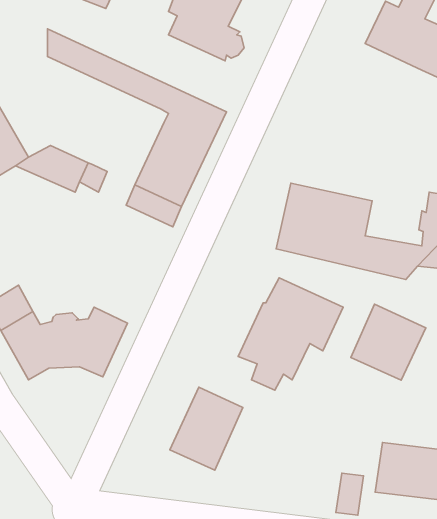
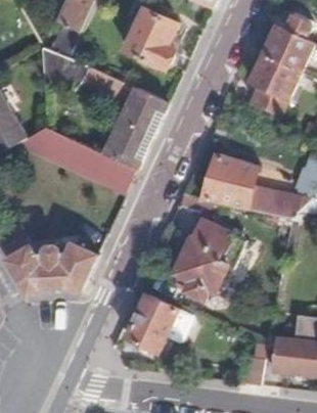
building: none -> [248,55,299,118]
building: [351,304,426,380] -> none

